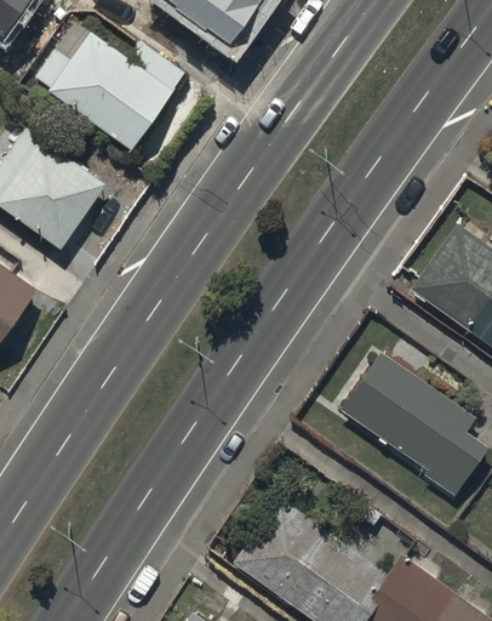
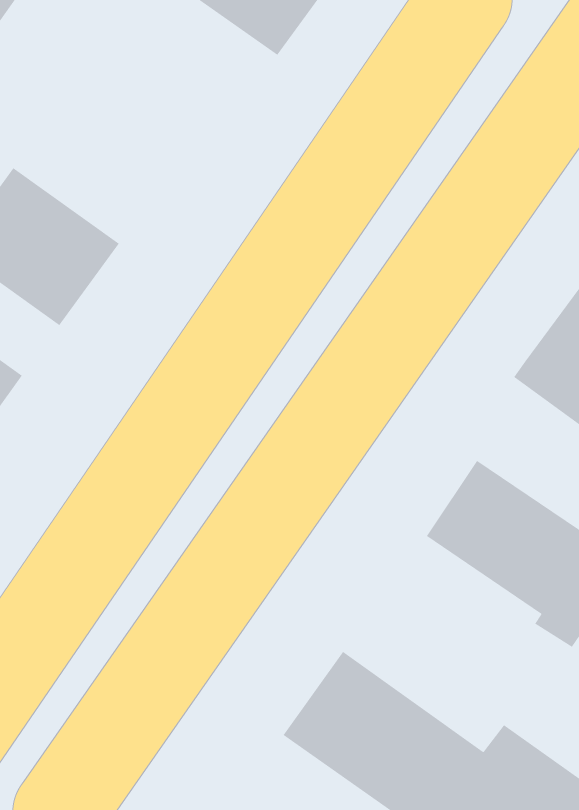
building: [34,32,175,150] -> none

